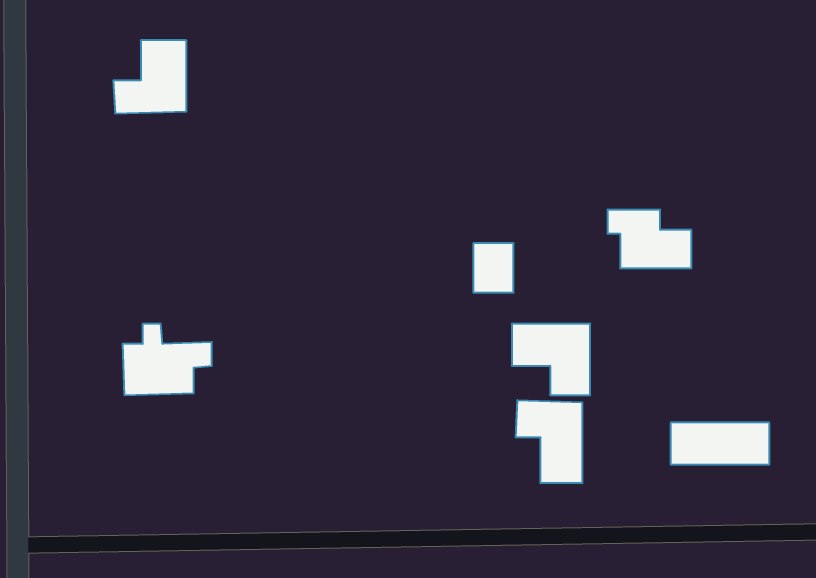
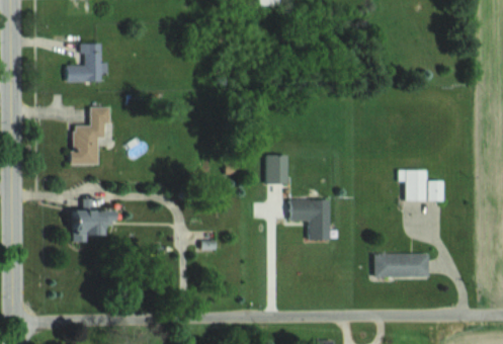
building: none -> [71,105,111,165]
building: [607,210,691,268] -> [398,169,444,201]
building: [516,400,582,483] -> none

